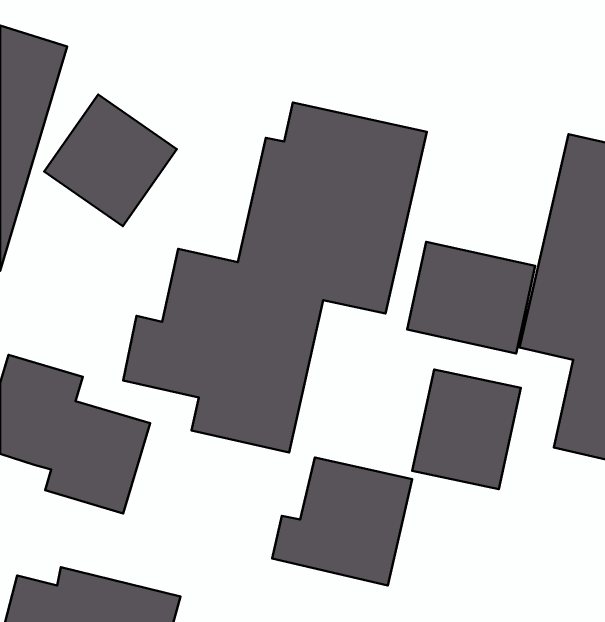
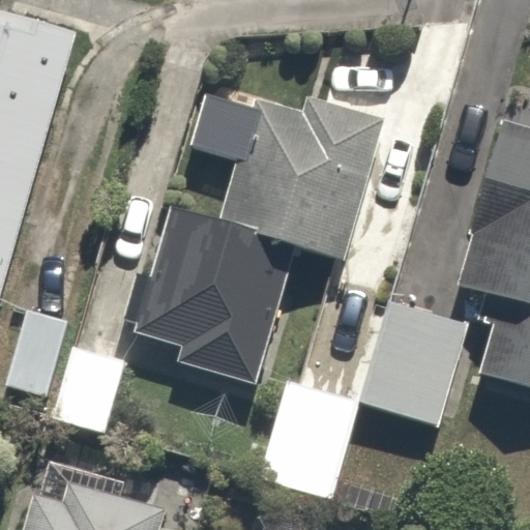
building: [44,94,177,226] -> none
building: [407,242,535,354] -> none

